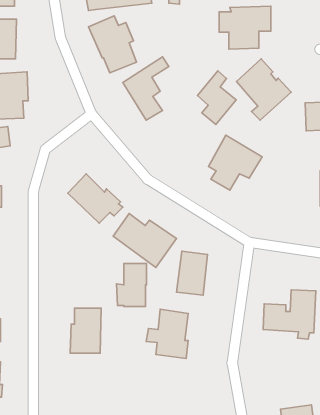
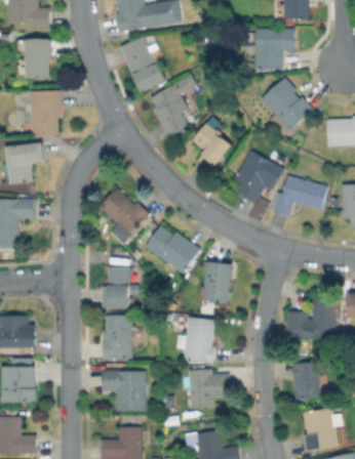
building: [198,71,236,125] -> [193,119,230,170]
building: none -> [271,175,327,216]
building: [116,263,146,306] -> [101,266,129,307]
building: none -> [293,362,320,400]
building: none -> [188,369,230,408]
building: none -> [102,371,146,411]

